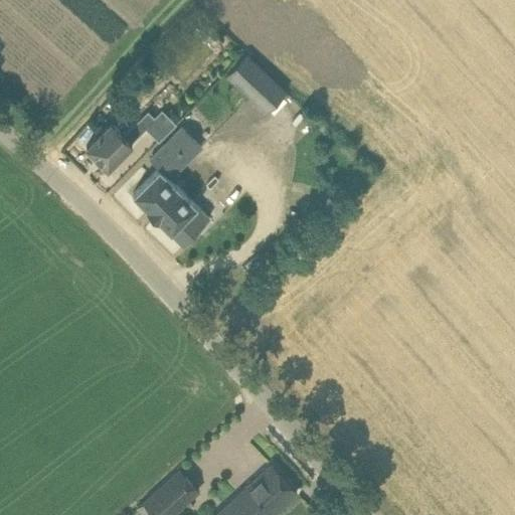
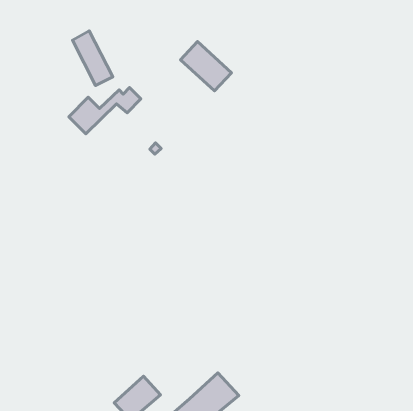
building: none -> [73,31,113,85]
building: [132,130,207,243] -> none

